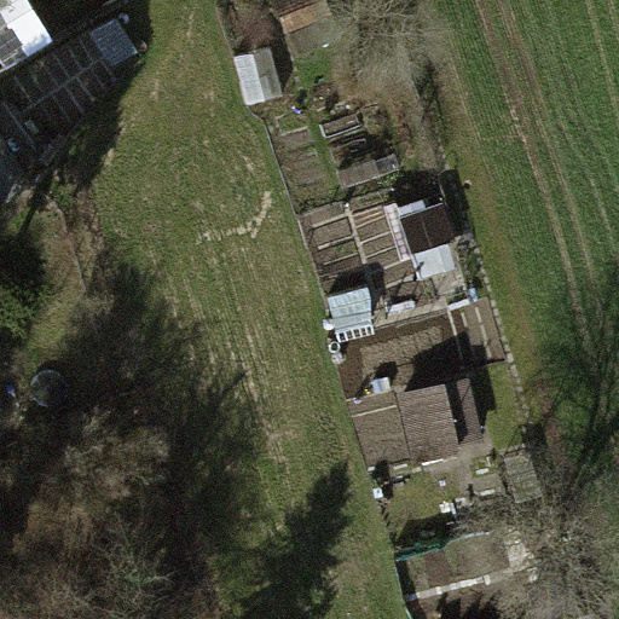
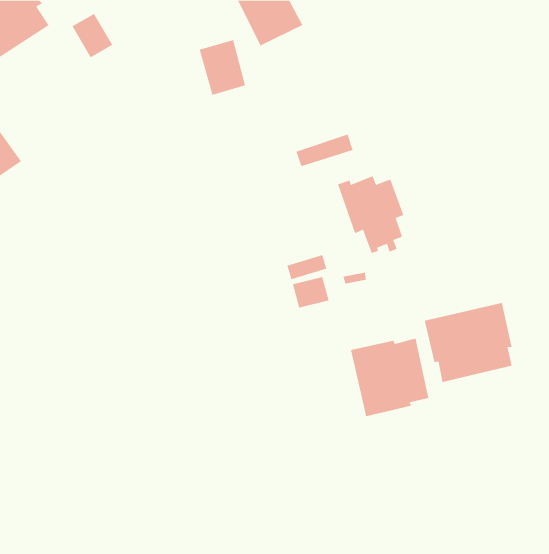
building: none -> [424,302,512,383]

